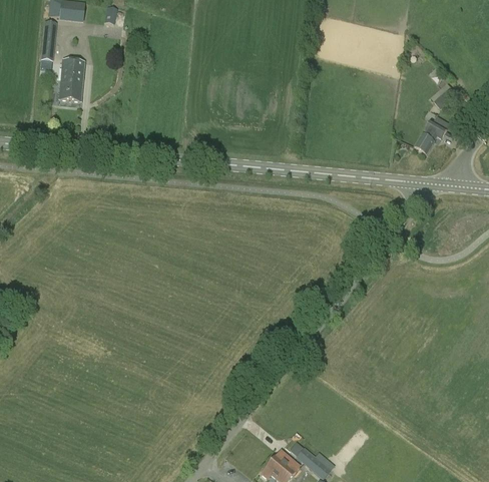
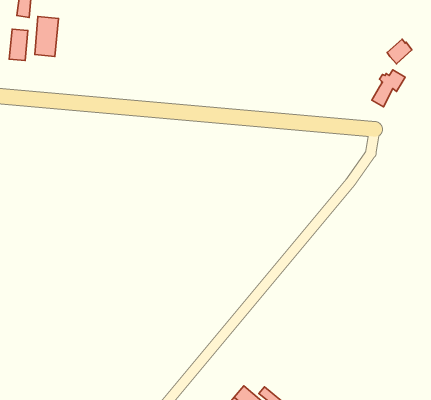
building: none -> [9,29,28,61]

